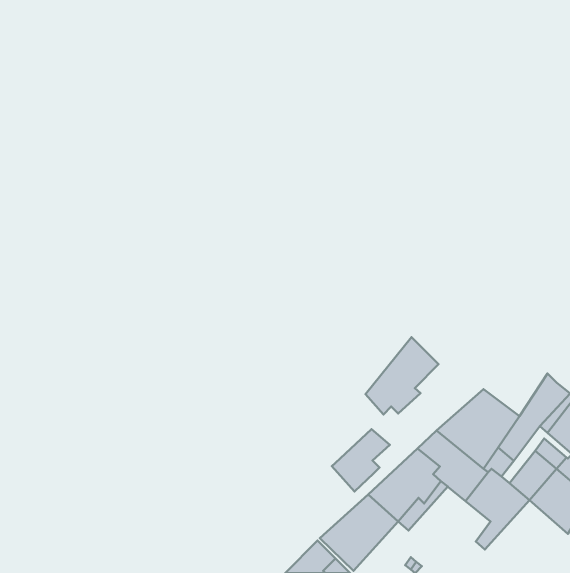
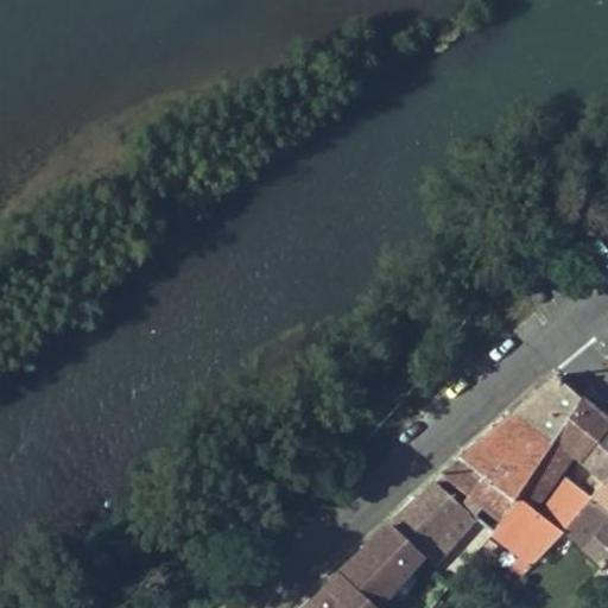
building: [366,337,438,414] -> none
building: none -> [515,374,583,441]
building: [332,429,390,491] -> none

